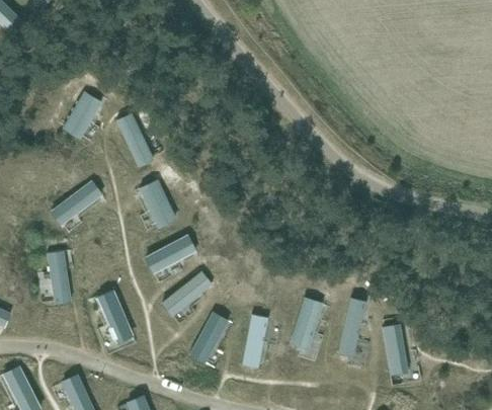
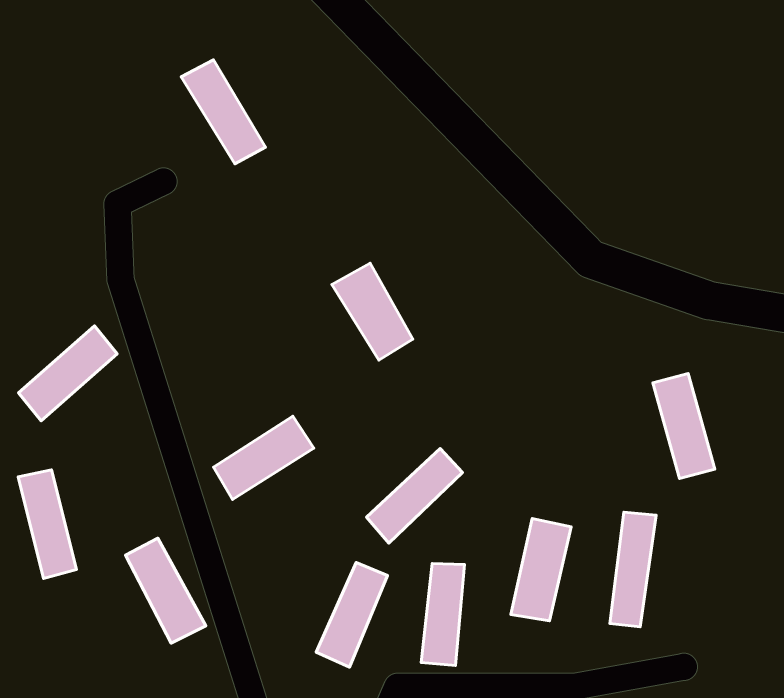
building: [61,91,102,140] -> none
building: [114,113,154,167] -> [181,60,265,164]
building: [138,179,176,229] -> [332,263,413,360]
building: [161,271,212,317] -> [366,449,462,543]
building: [382,324,409,377] -> [653,374,715,478]

